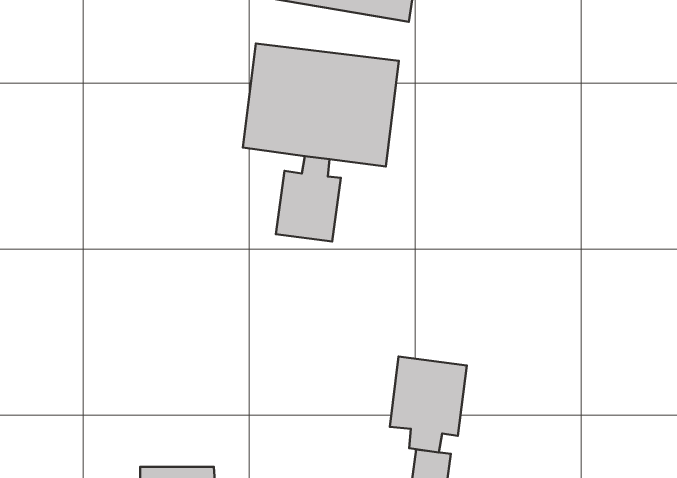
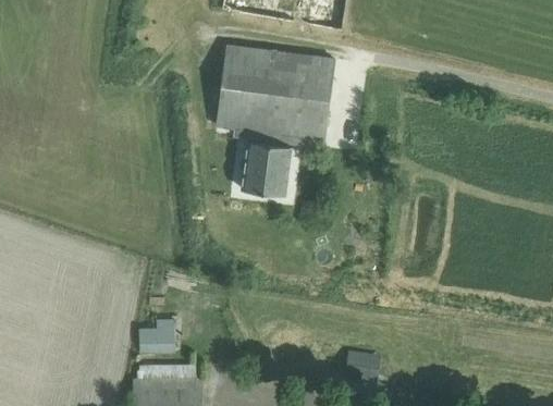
building: [390,356,467,452] -> none
building: none -> [138,318,175,353]

